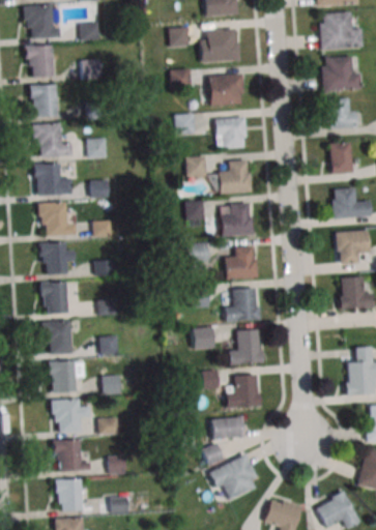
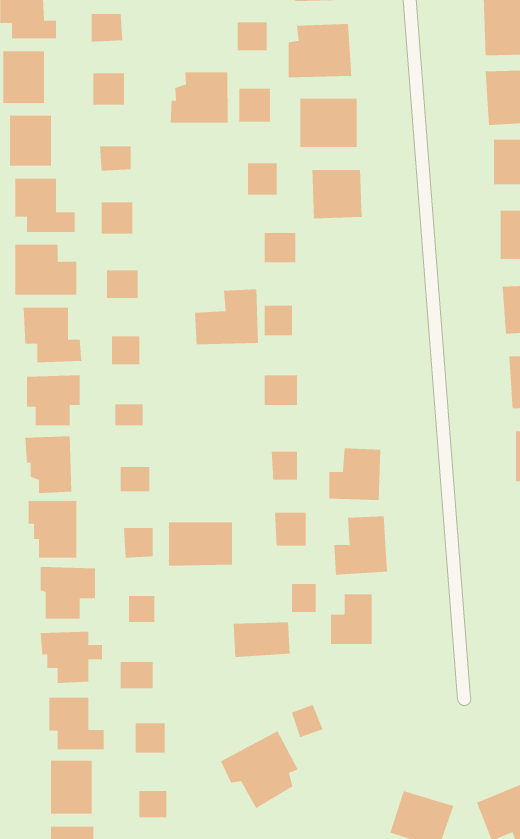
building: none -> [170,71,228,124]
building: [211,159,251,194] -> [194,289,259,345]
building: [221,204,253,236] -> none
building: [225,245,257,279] -> none
building: none -> [169,521,233,567]
building: [210,417,245,439] -> [233,622,291,657]
building: [210,454,258,502] -> [220,731,298,809]

